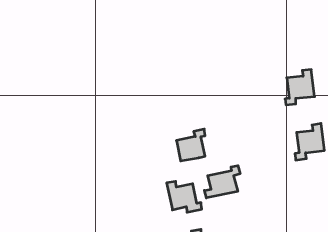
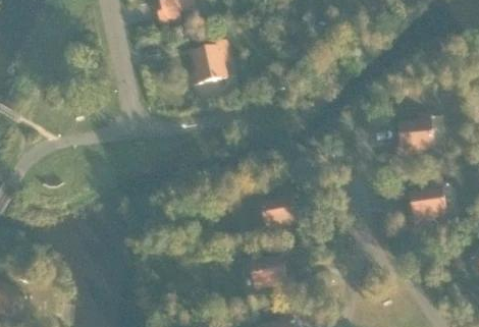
building: none -> [191,40,229,84]
building: [204,166,240,198] -> none

